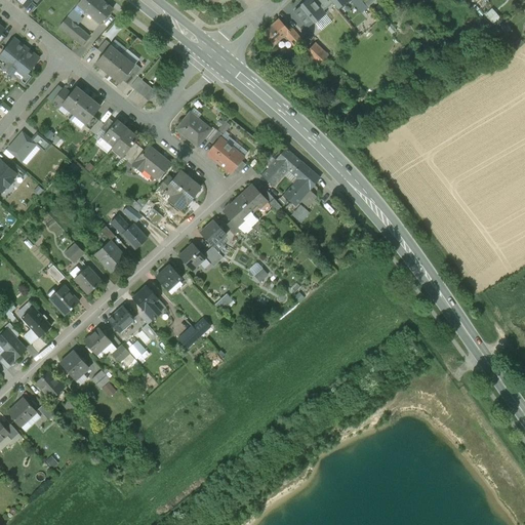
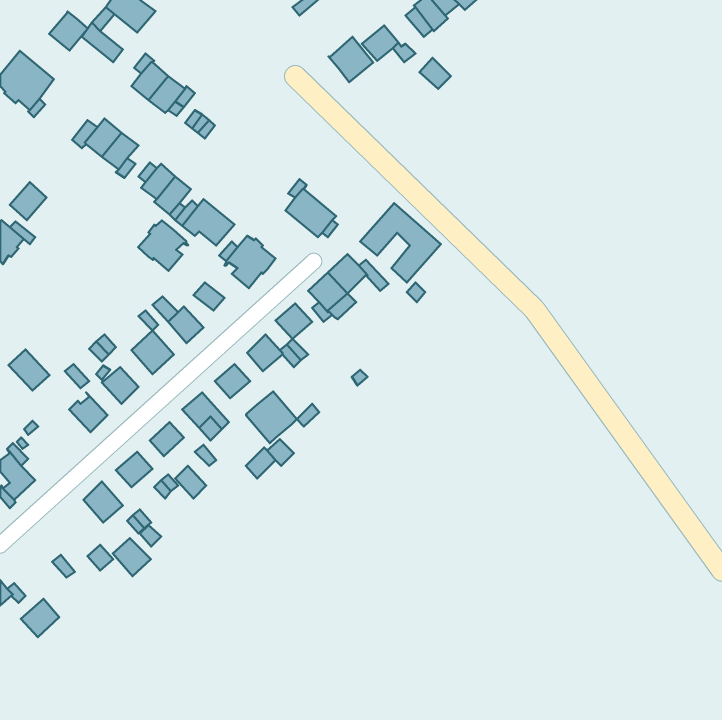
building: none -> [49,12,88,51]
building: none -> [328,37,373,82]
building: [176,112,211,146] -> none
building: none -> [138,221,188,271]
building: none -> [246,391,297,443]
building: [22,307,51,336] -> [9,350,50,391]
building: [37,371,65,399] -> [113,538,151,576]
building: [8,398,36,426] -> [21,599,59,637]

